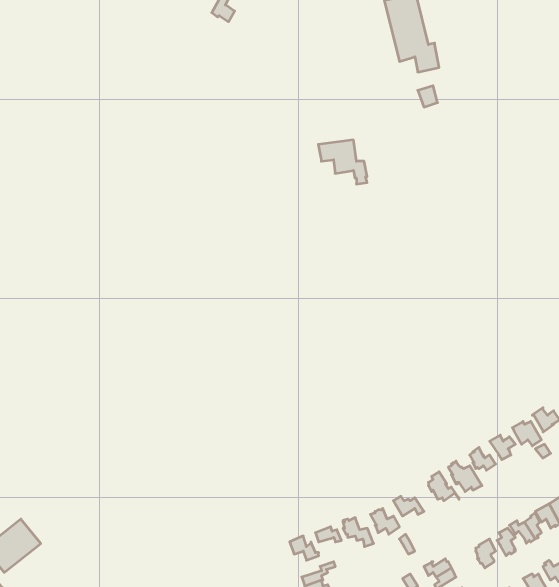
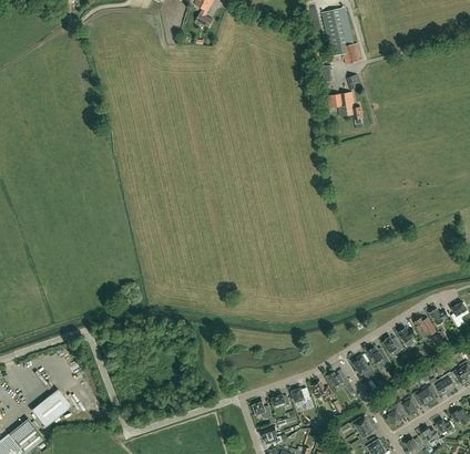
building: [318,140,367,184] -> [327,92,362,124]

